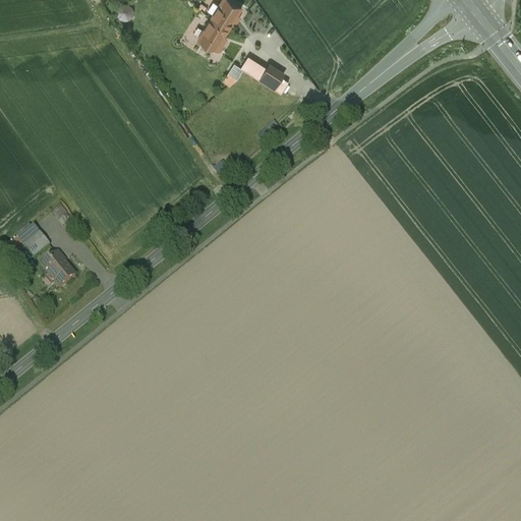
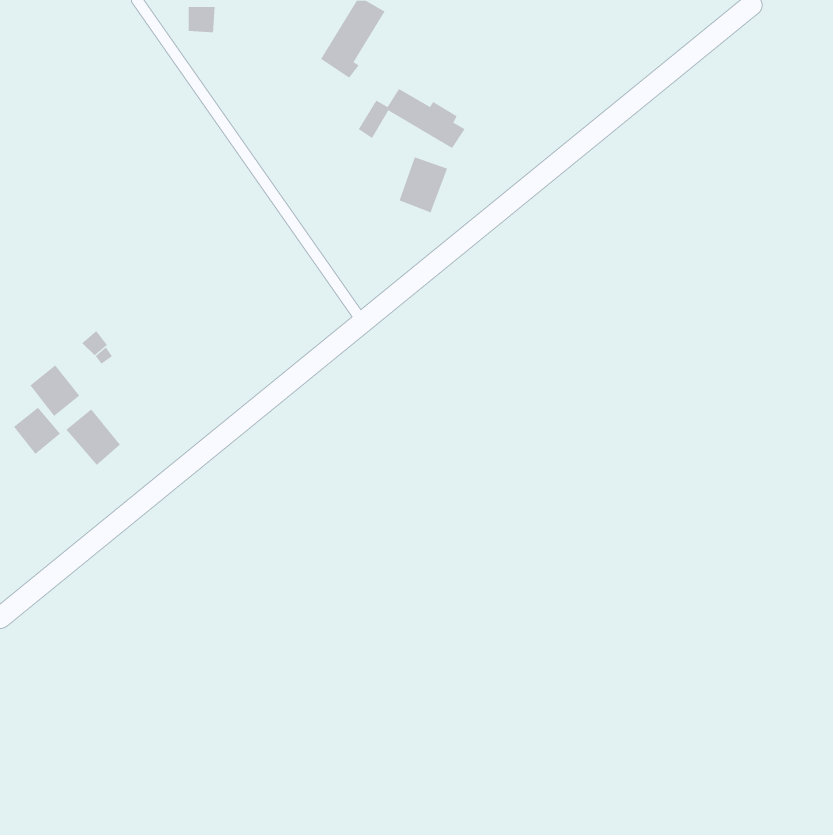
building: none -> [399,156,448,213]
building: none -> [13,407,61,455]

